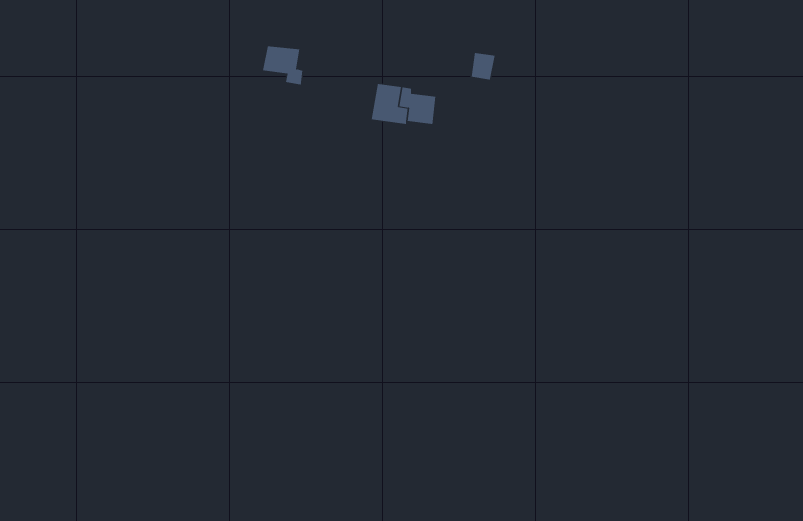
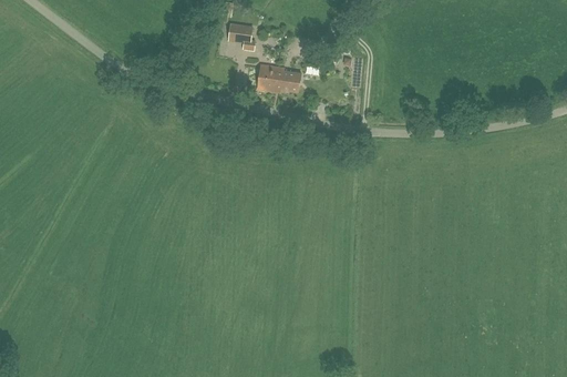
building: [262,46,303,85] -> [228,24,256,51]

